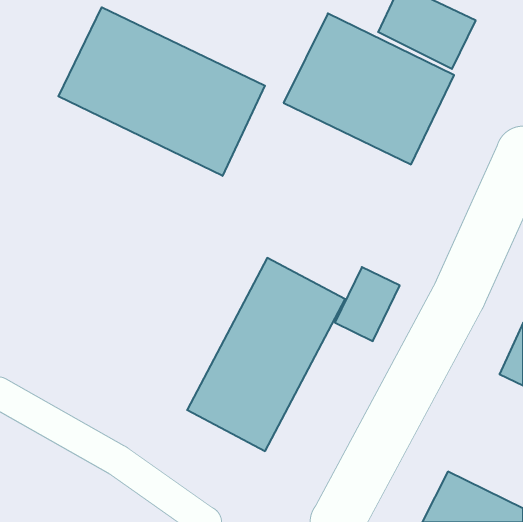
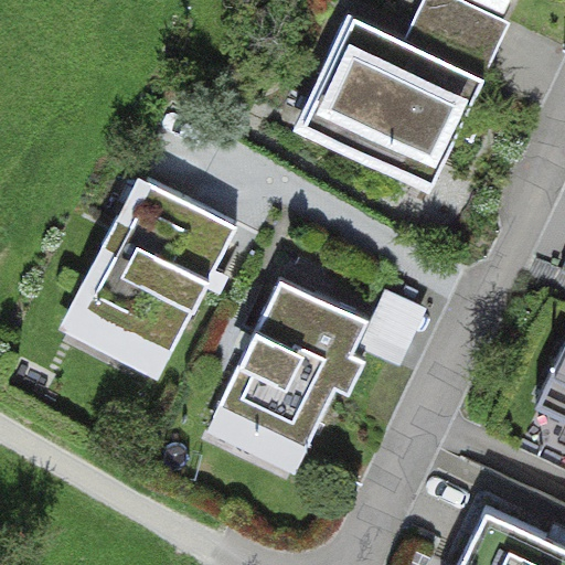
building: [58,7,265,176] -> none
building: none -> [61,179,235,384]

